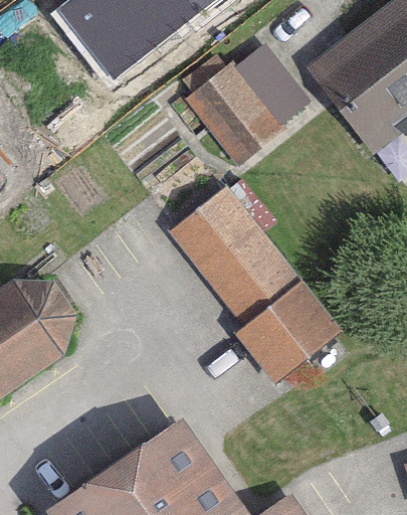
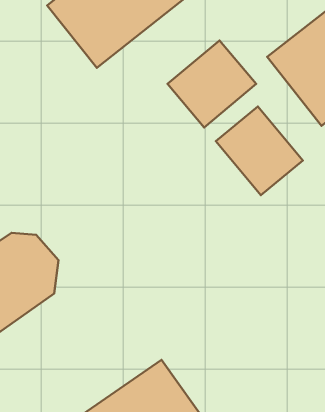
building: none -> [216,106,303,195]
building: [161,187,333,385] -> none

